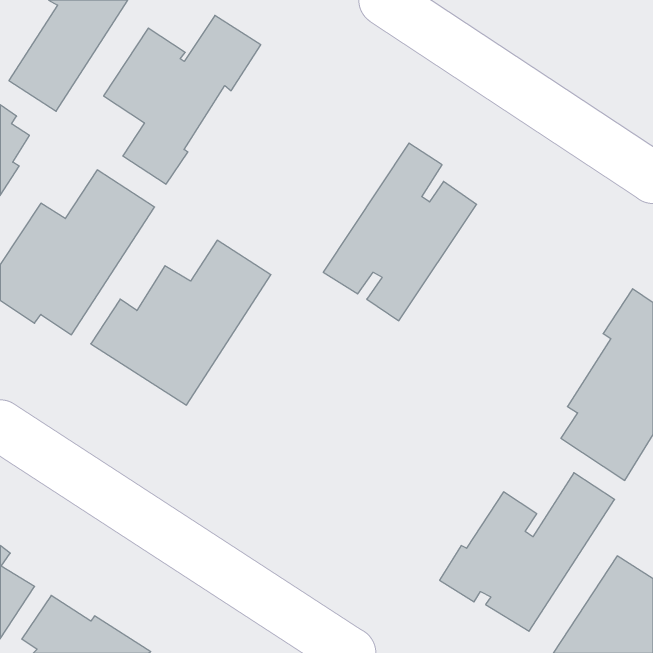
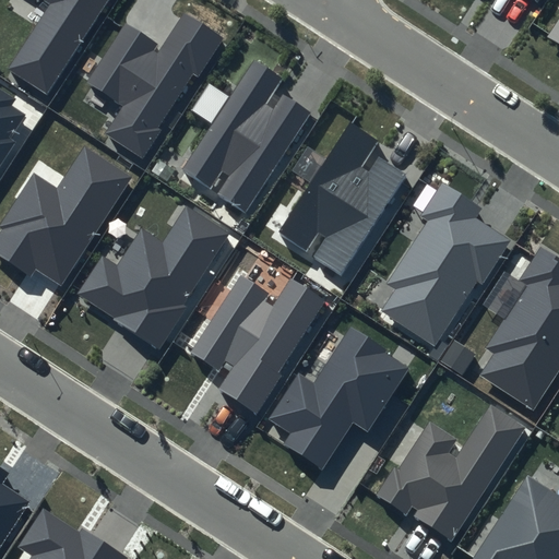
building: none -> [182,61,312,213]
building: none -> [382,180,510,345]
building: none -> [190,275,328,414]
building: none -> [269,328,411,469]

